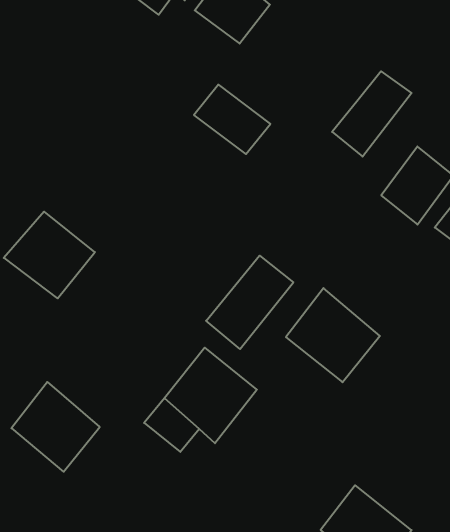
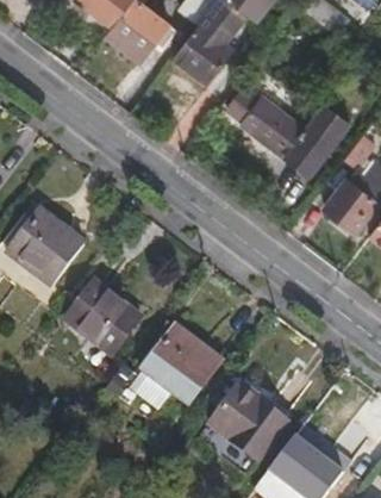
building: [194,85,270,154] -> [239,95,302,152]
building: [206,256,293,349] -> none
building: [286,288,380,382] -> [214,388,292,466]
building: [11,382,100,472] -> [65,284,138,357]

